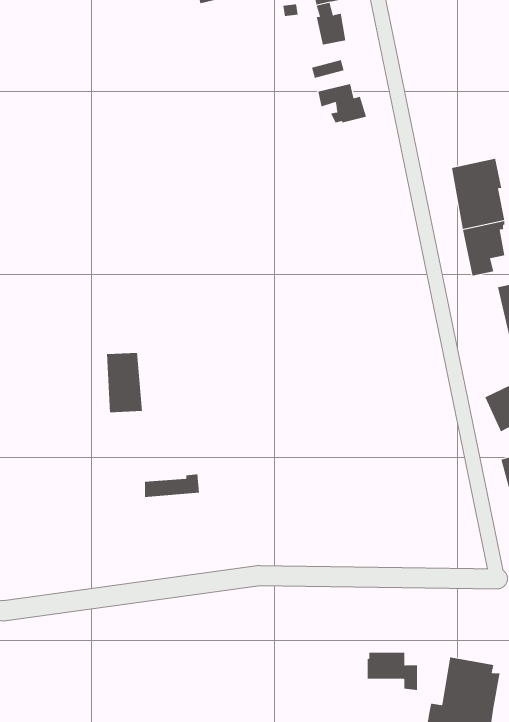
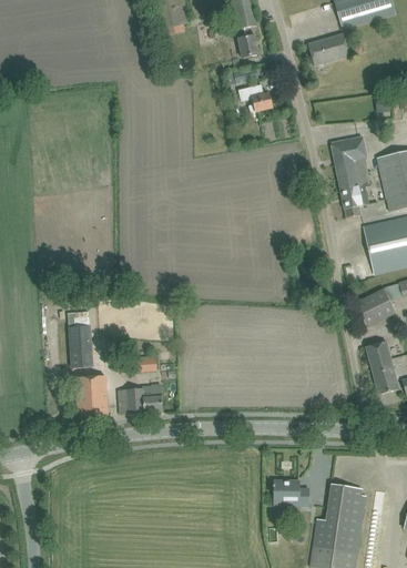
building: none -> [308,33,349,64]
building: [106,352,143,413] -> [68,325,93,367]
building: none -> [75,375,108,416]
building: none -> [119,385,163,414]

